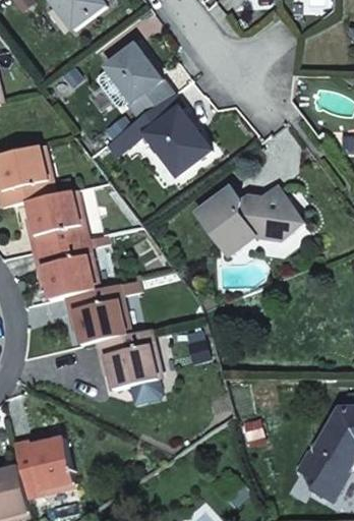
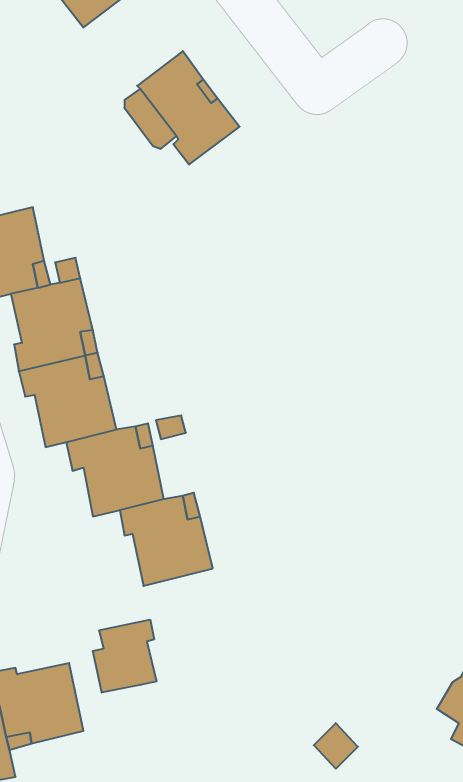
building: [121,94,210,174] -> none
building: [195,184,303,256] -> none
building: none -> [93,620,156,693]

